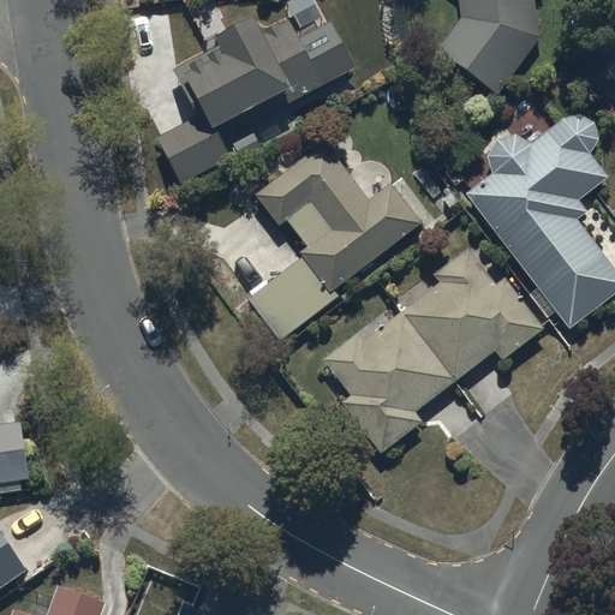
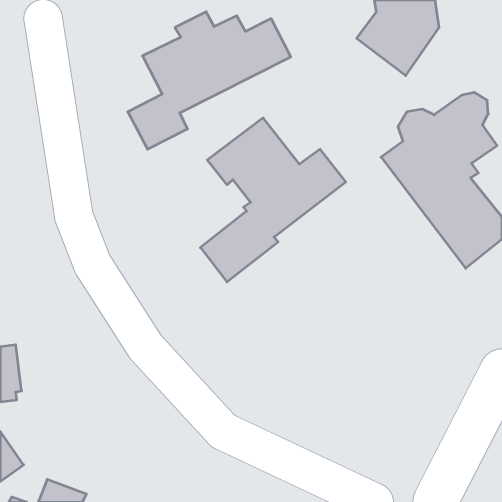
building: [323,246,545,453] -> none

